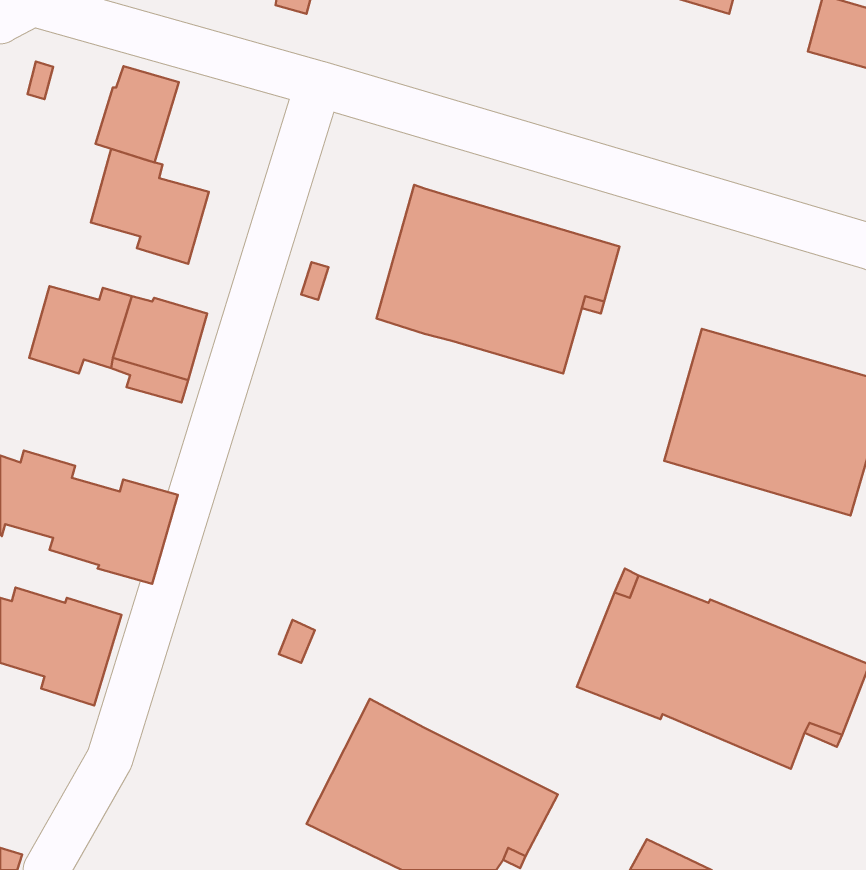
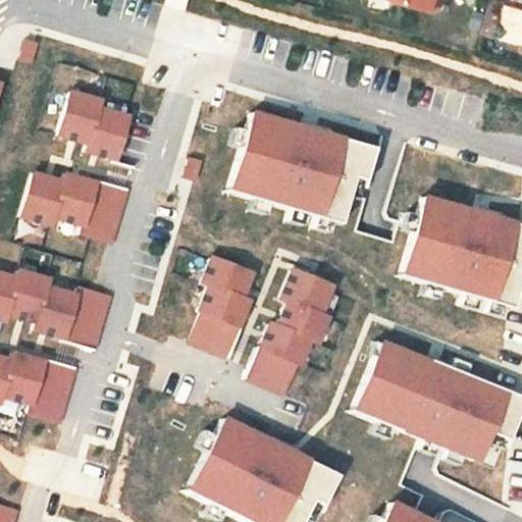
building: [96,66,179,162] -> none
building: none -> [192,249,264,356]
building: none -> [249,259,348,395]

